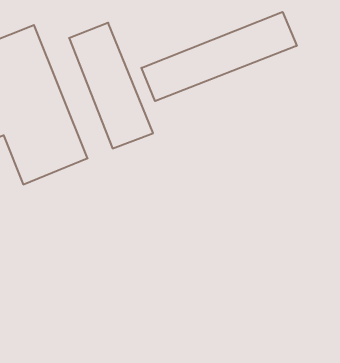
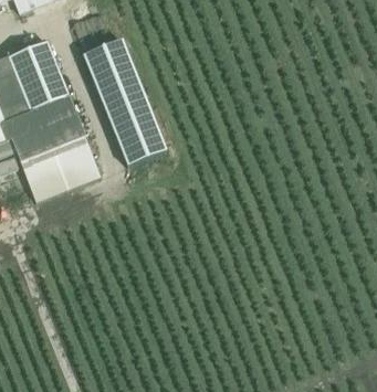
building: [141,12,297,101] -> none

